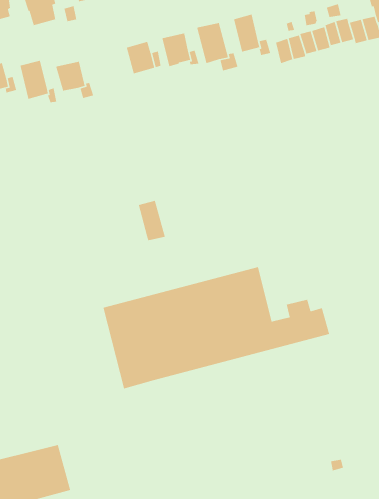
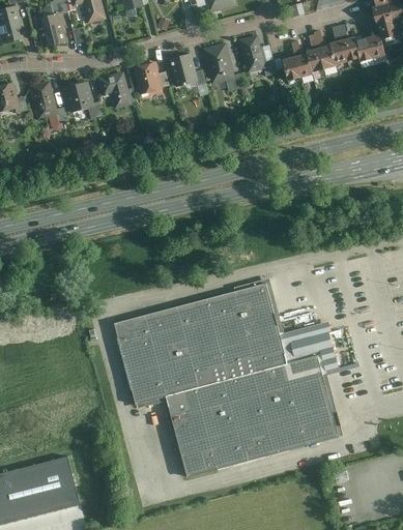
building: none -> [99,71,133,109]
building: [138,200,166,242] -> none
building: none -> [163,350,341,477]

